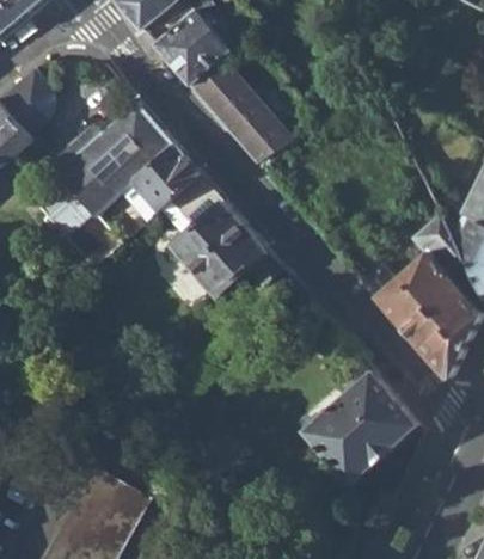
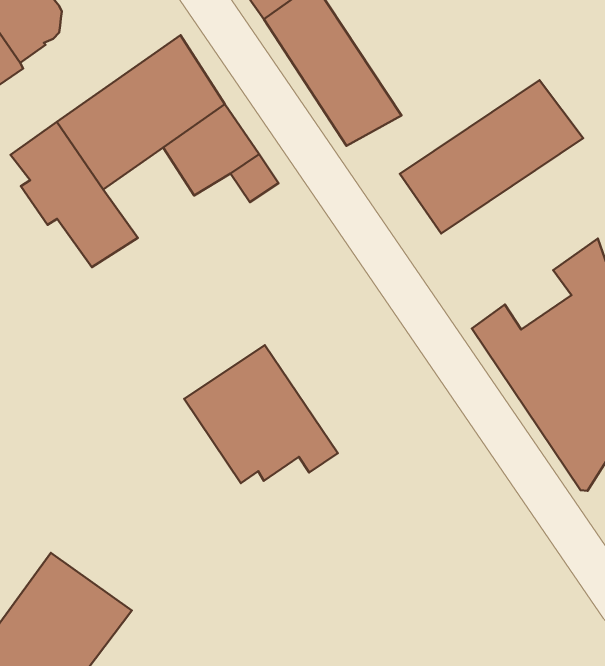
building: none -> [400,80,583,234]
building: [171,202,280,297] -> [184,345,338,483]
building: [301,370,417,485] -> none

